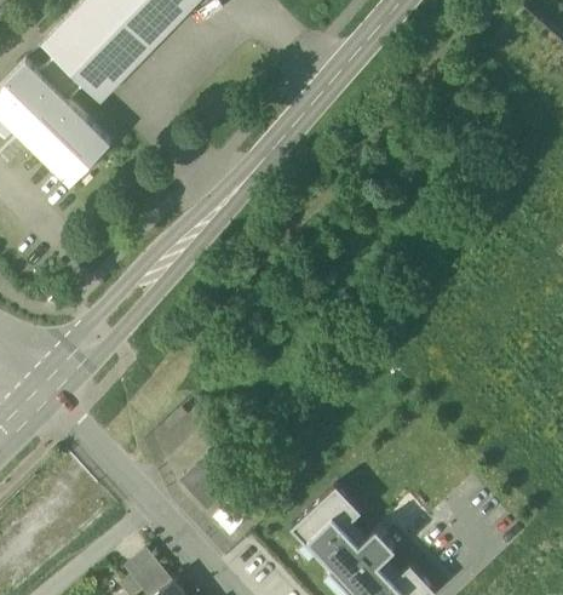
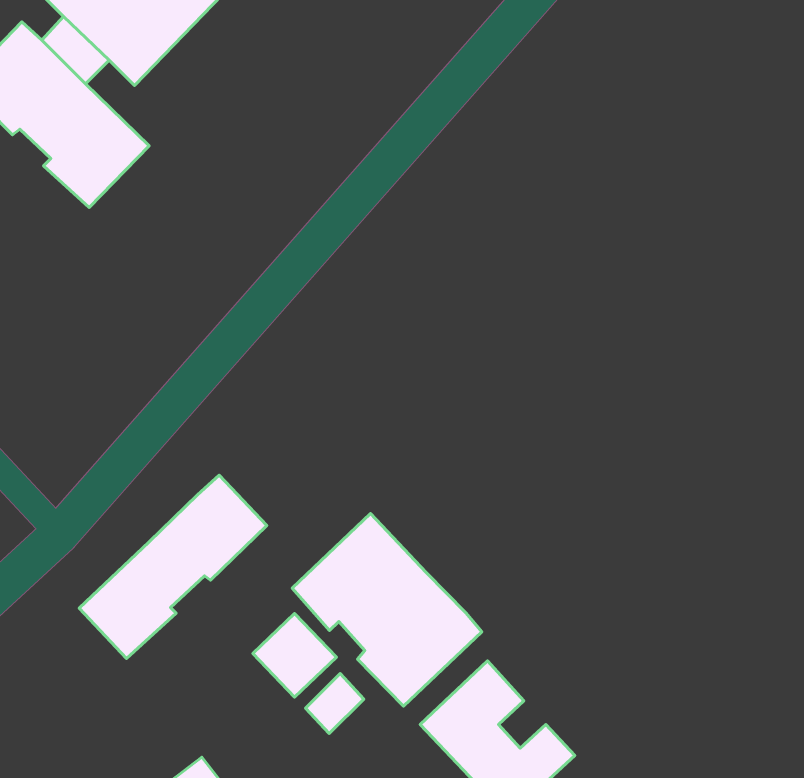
building: none -> [79,475,267,659]
building: none -> [292,514,482,706]

